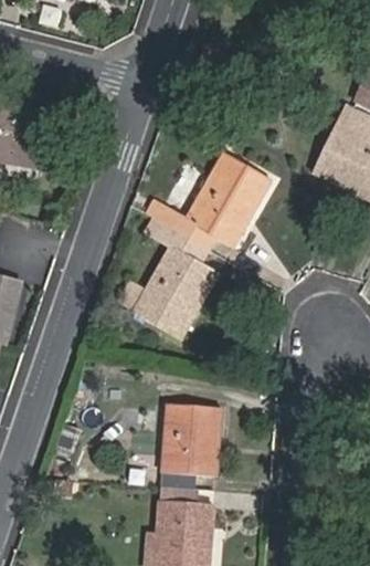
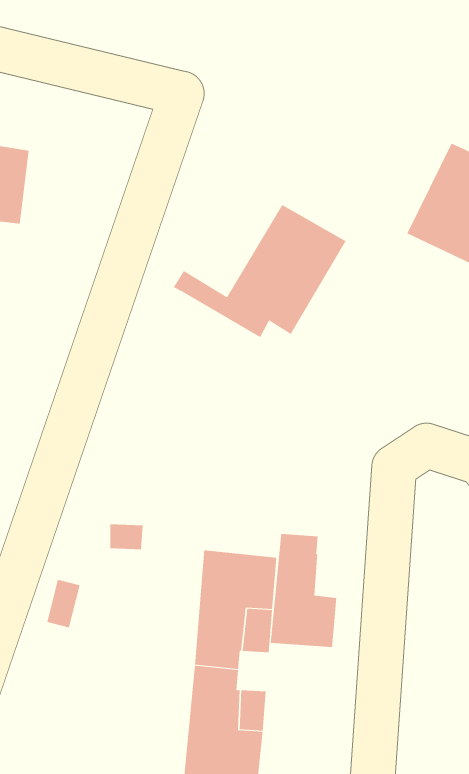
building: [130,214,218,338] -> none
building: none -> [270,533,337,648]

